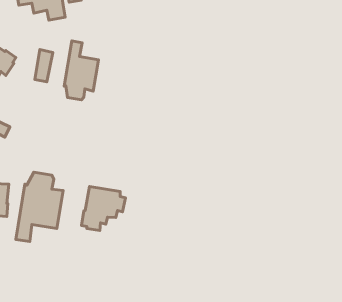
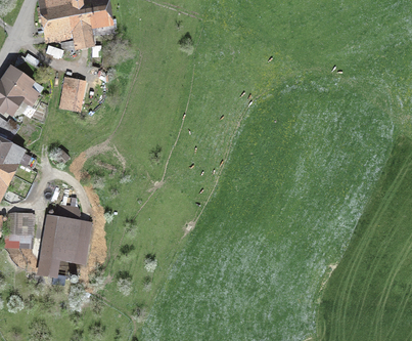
building: [64,41,98,100] -> none
building: [82,186,125,231] -> none

